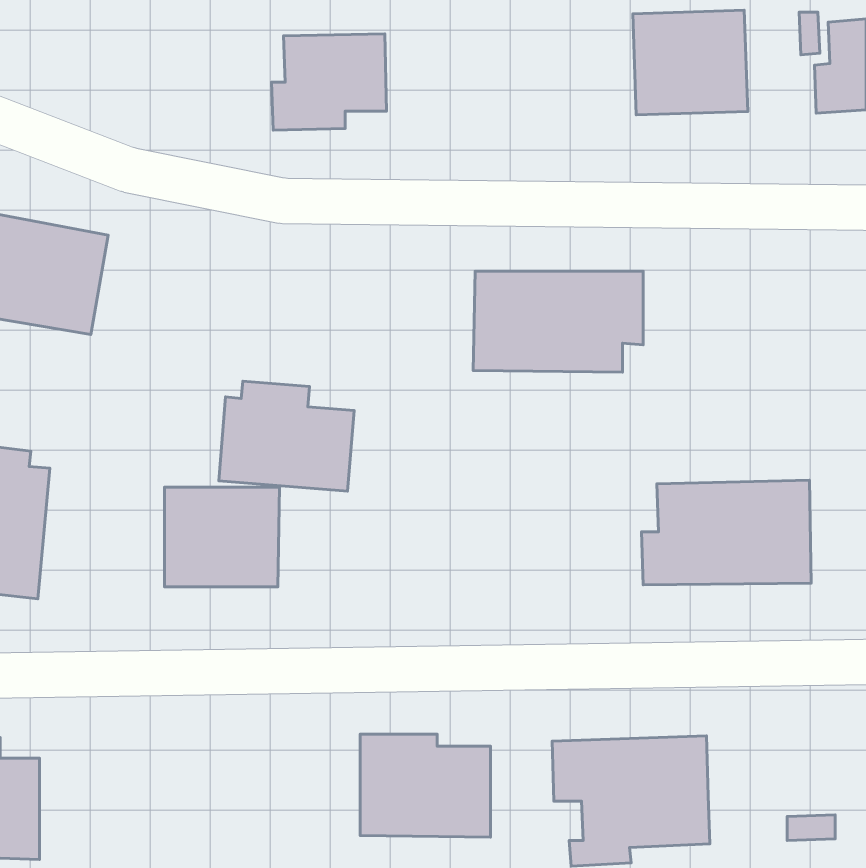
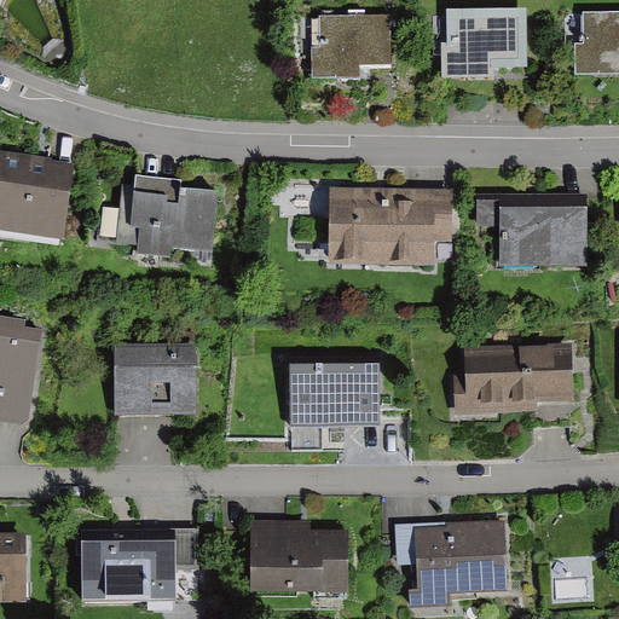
building: [272,34,386,130] -> [310,15,391,82]
building: none -> [480,193,585,264]
building: [219,381,354,491] -> [120,173,215,250]
building: none -> [291,368,378,423]
building: none -> [89,528,198,592]

